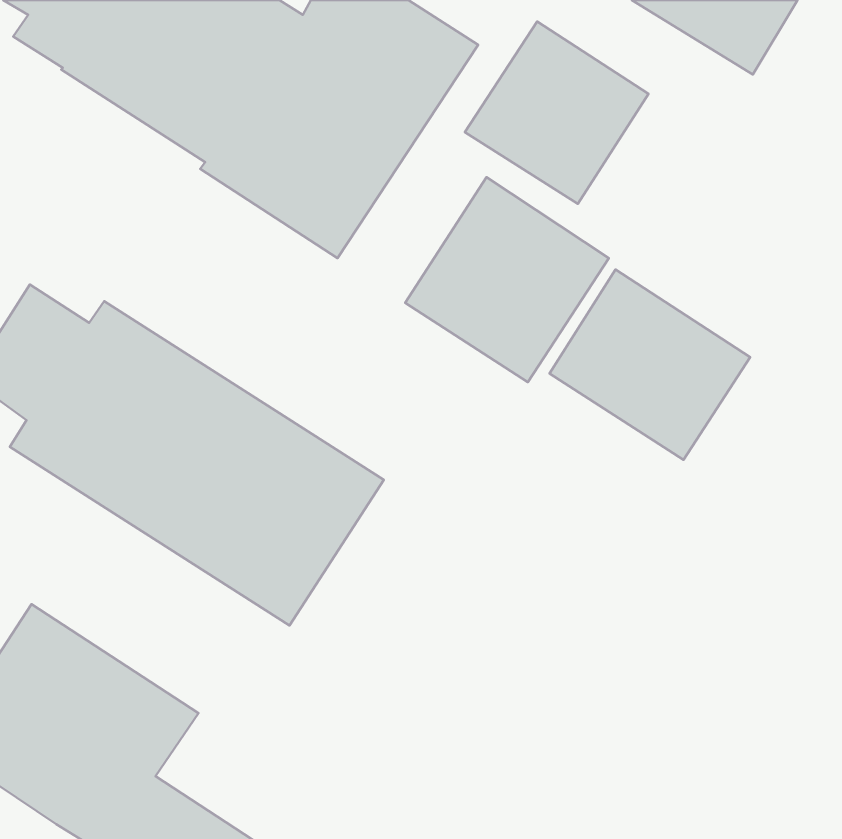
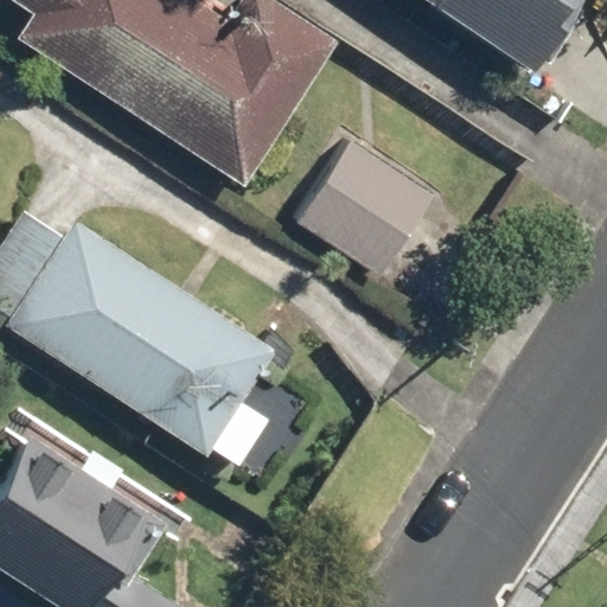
building: [465,21,649,204] -> none
building: [550,269,750,460] -> none

